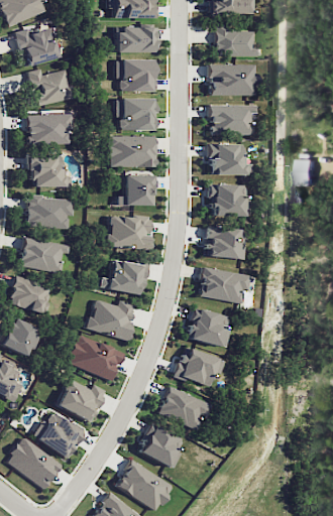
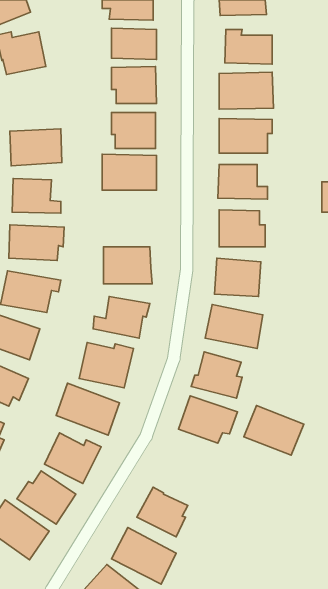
building: [26,69,75,106] -> none
building: [116,174,153,205] -> none
building: [156,386,209,429] -> [244,406,304,455]

